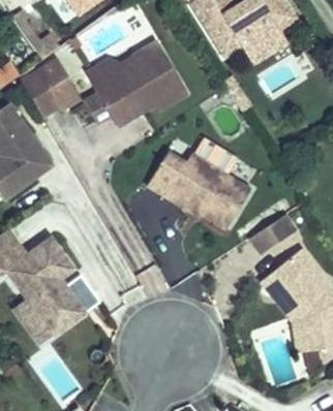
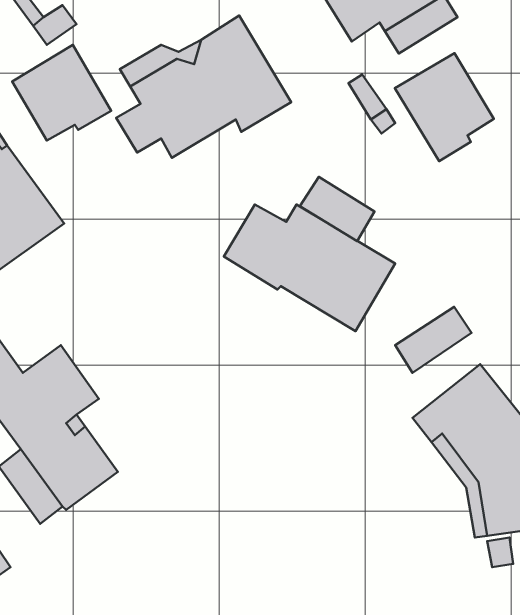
building: none -> [395,53,494,161]

